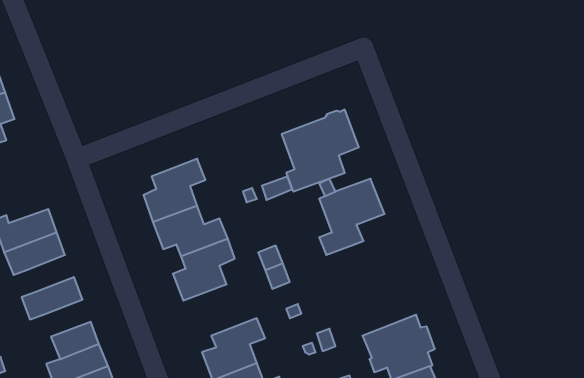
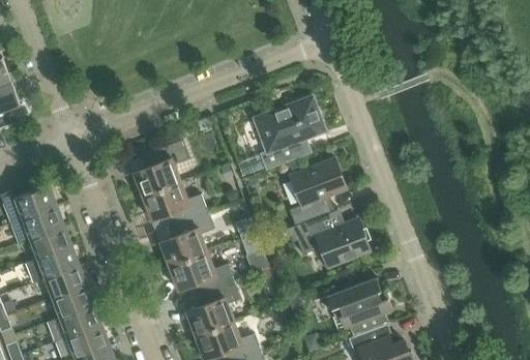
building: none -> [287,216,370,267]
building: none -> [29,226,71,259]
building: none -> [168,251,233,297]
building: none -> [43,265,86,298]

